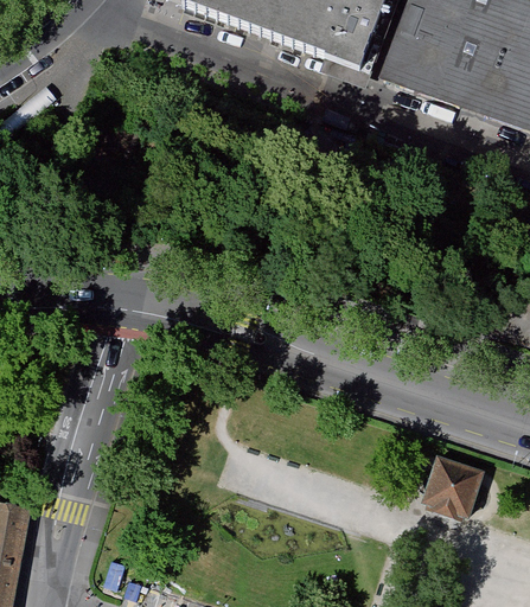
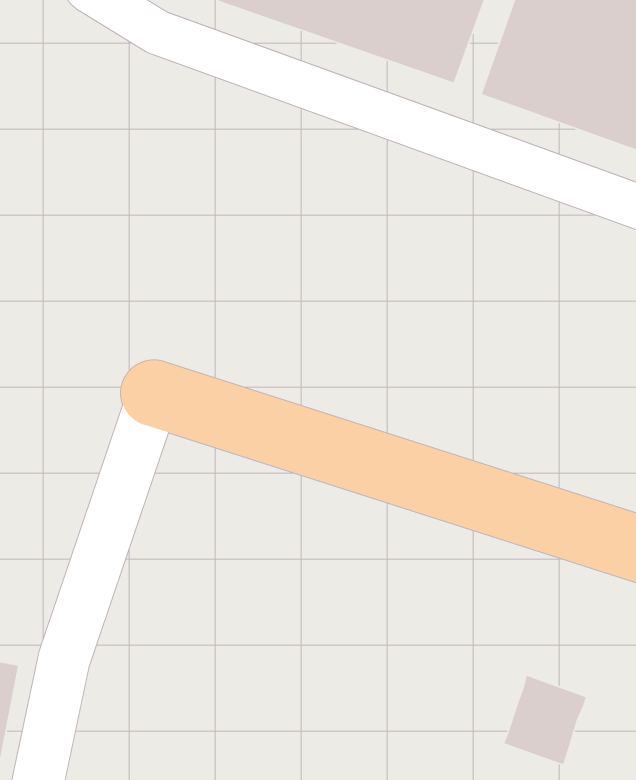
building: [427,447,491,516] -> [503,675,587,765]

